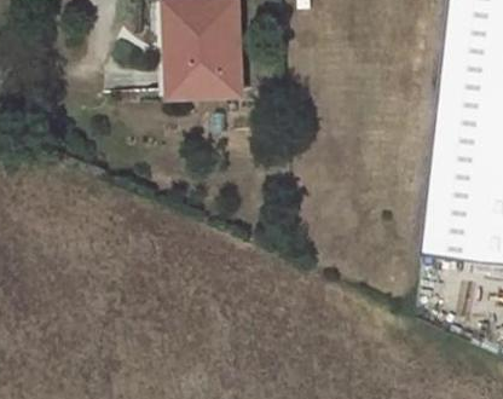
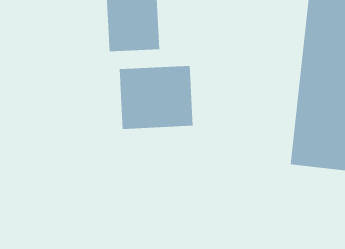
building: none -> [119,65,193,130]

